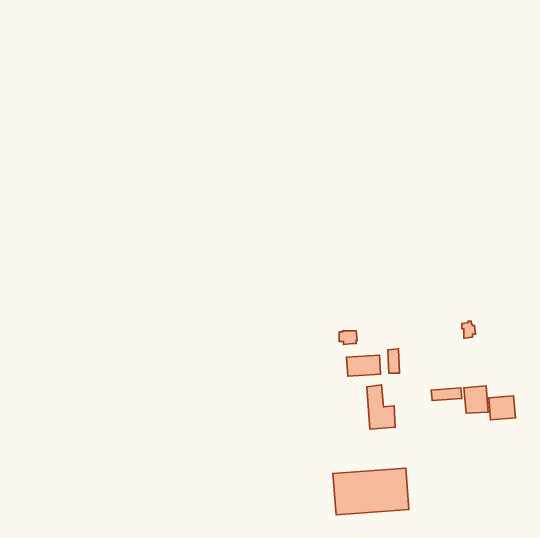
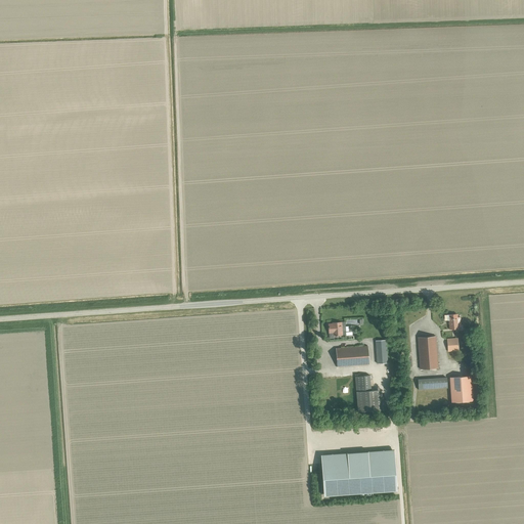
building: none -> [418,334,438,367]
building: [489,396,515,420] -> none

